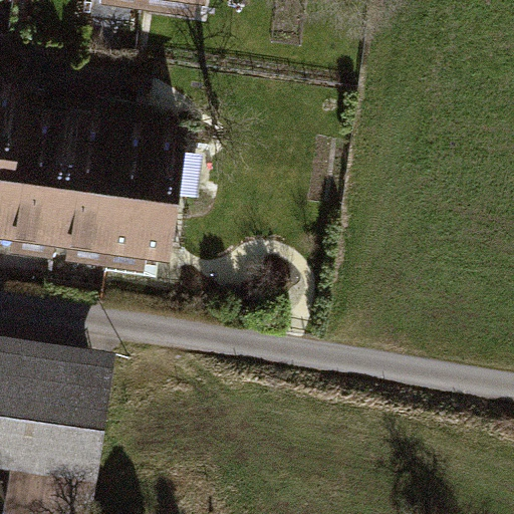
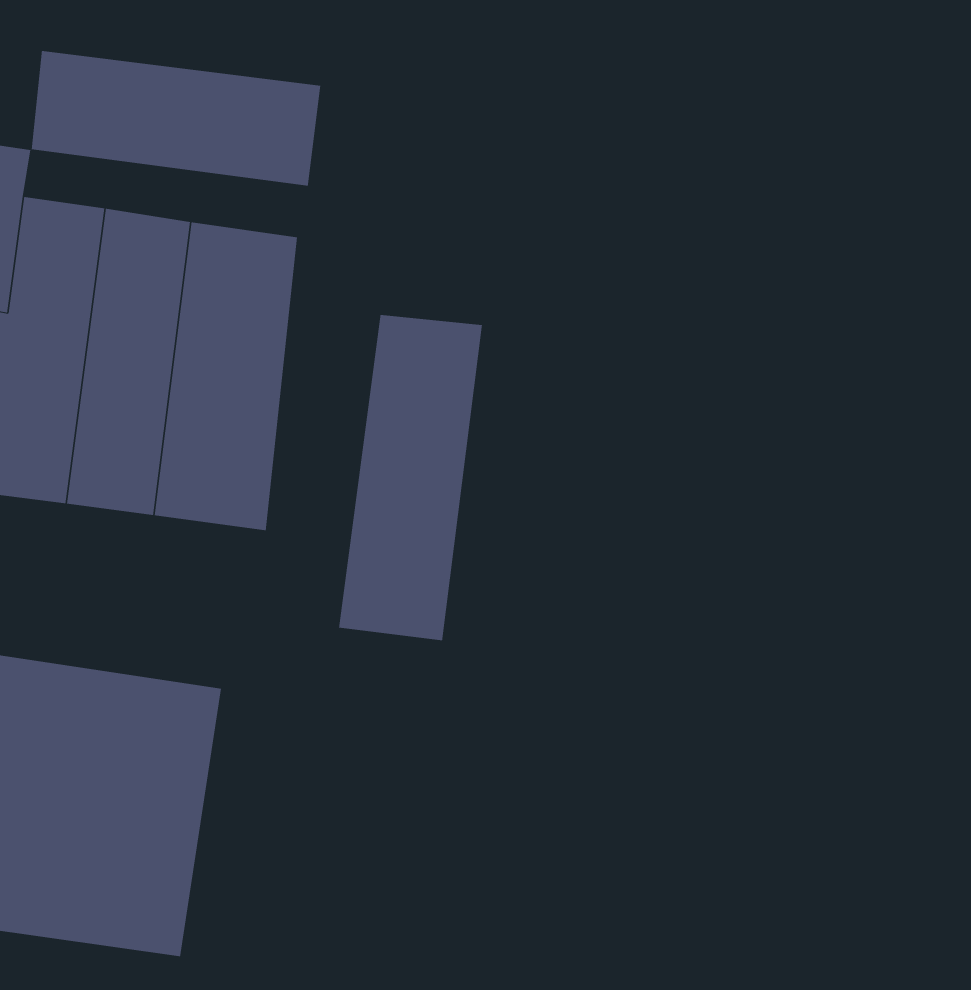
building: none -> [31,50,321,187]
building: none -> [339,314,483,641]

